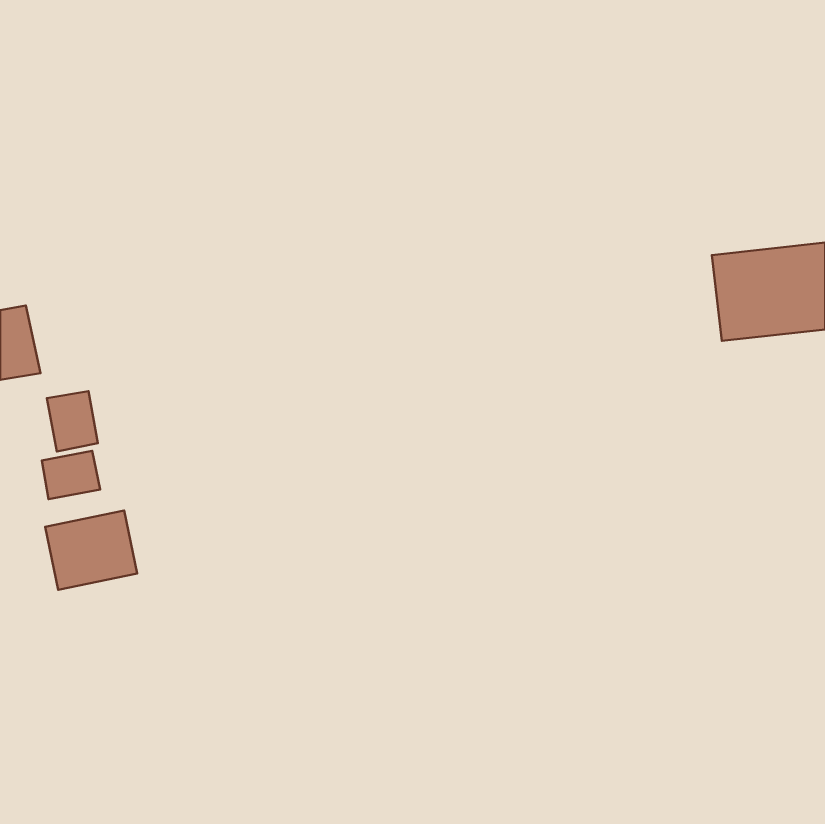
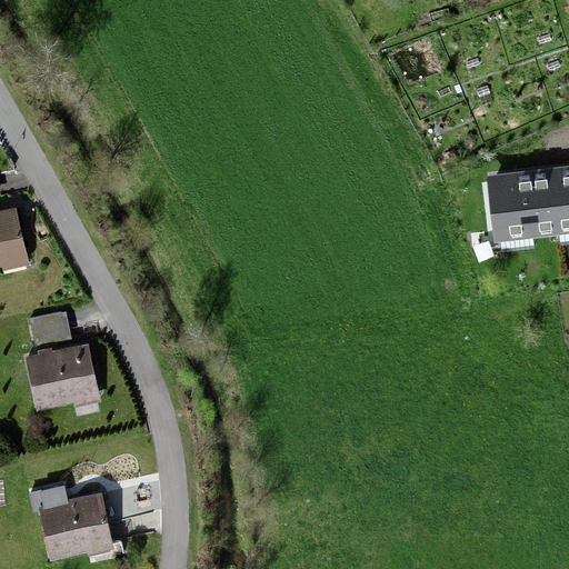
building: [47,391,98,452] -> none
building: none -> [46,497,107,552]

